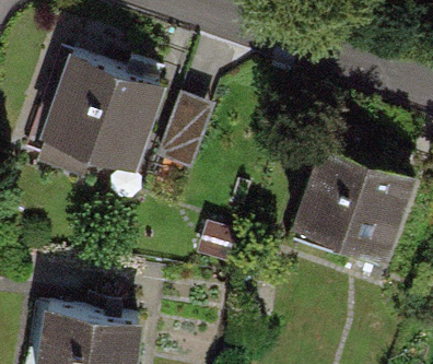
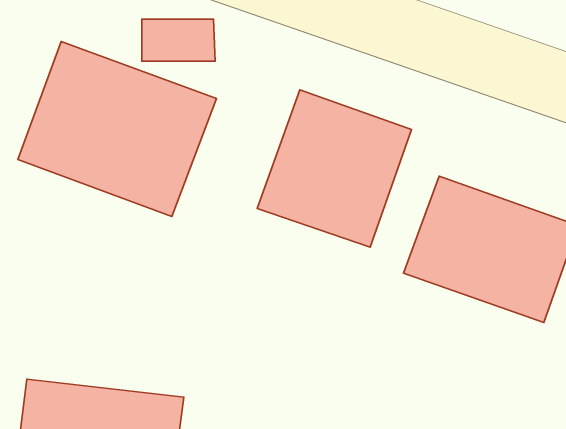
building: none -> [257,90,412,247]

